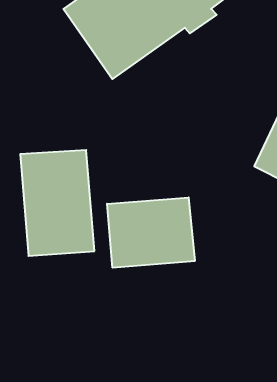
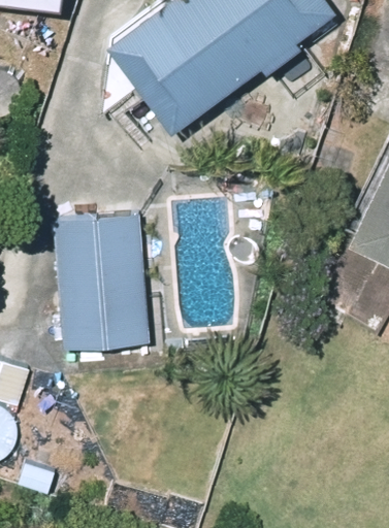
building: [107,197,195,268] -> none

